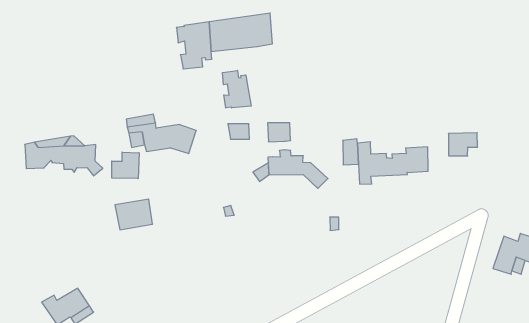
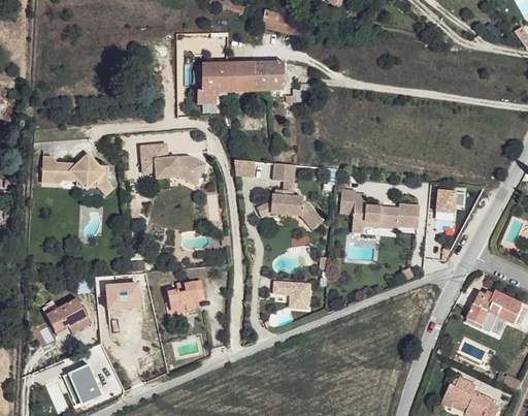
building: [222,70,251,108] -> none
building: [112,152,139,179] -> none
building: [115,199,153,230] -> [106,282,139,308]
building: none -> [273,281,310,309]
building: none -> [168,280,205,310]

